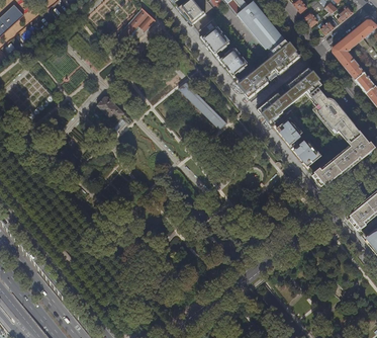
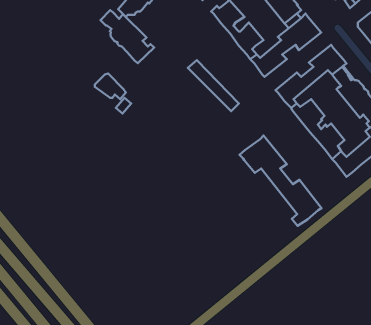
building: none -> [100,10,154,63]
building: none -> [239,136,321,226]

